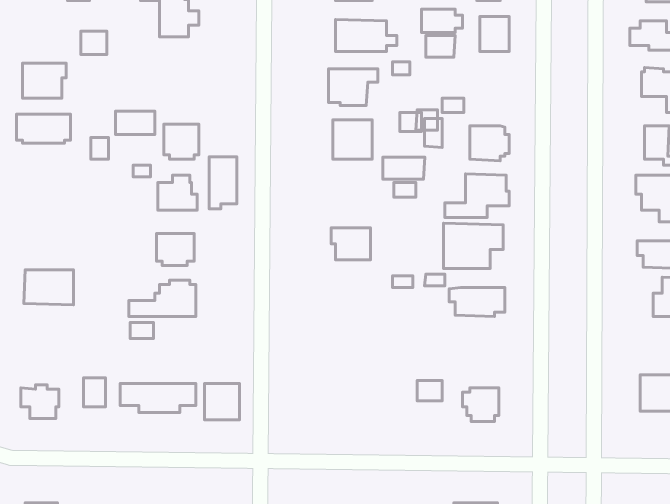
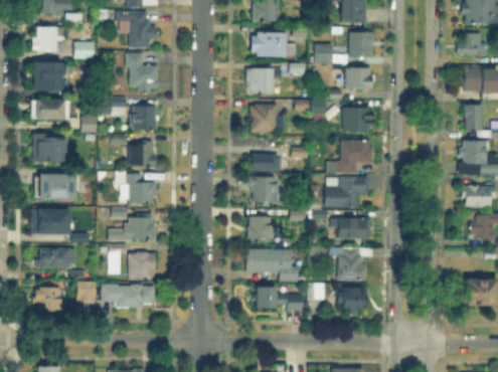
building: [422,9,462,32] -> [346,69,374,85]
building: none -> [32,27,64,51]
building: none -> [127,53,156,90]
building: [209,157,237,209] -> none
building: [383,157,425,179] -> [252,155,281,170]
building: none -> [34,134,66,161]
building: none -> [33,176,74,197]
building: none -> [248,217,271,241]
building: none -> [329,248,370,278]
building: none -> [36,249,73,266]
building: none -> [245,250,298,280]
building: [205,384,240,420] -> [129,253,153,278]
building: none -> [257,288,301,310]

